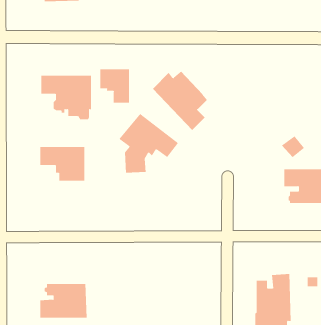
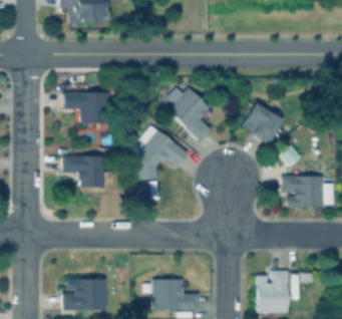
building: [100,69,129,104] -> none
building: none -> [242,102,284,143]
building: none -> [144,280,199,311]

